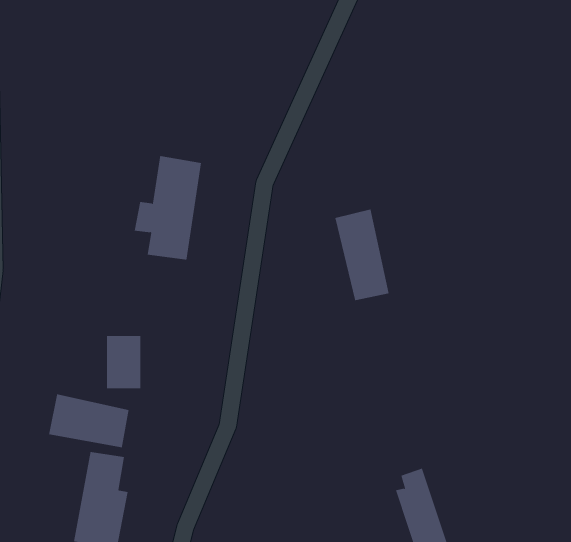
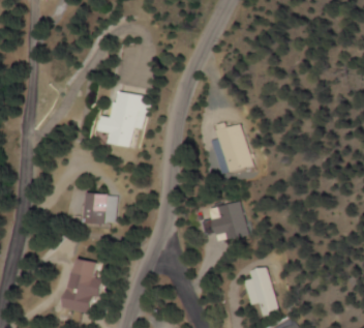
building: none -> [211,202,243,241]
building: [48,394,129,448] -> none

